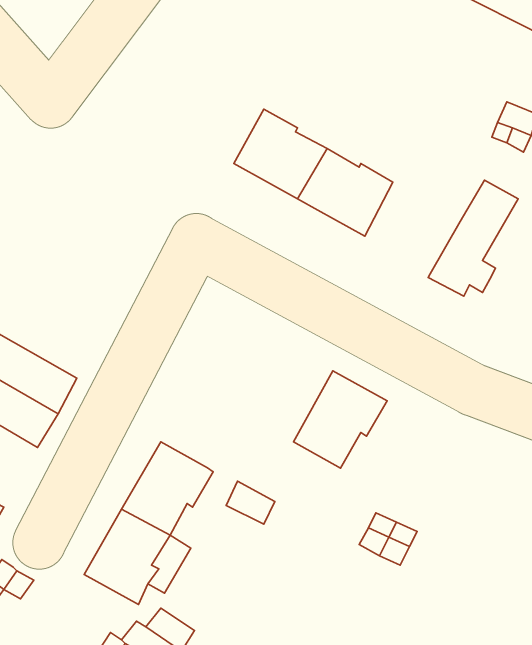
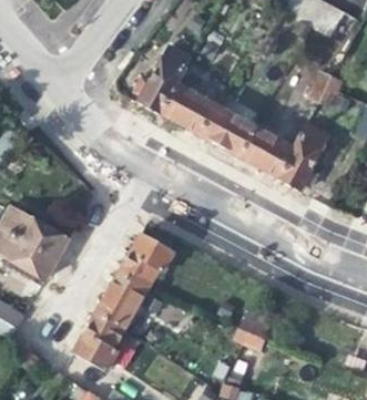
building: none -> [133,44,191,114]
building: none -> [237,123,294,177]
building: [294,371,387,468] -> [116,235,172,293]

